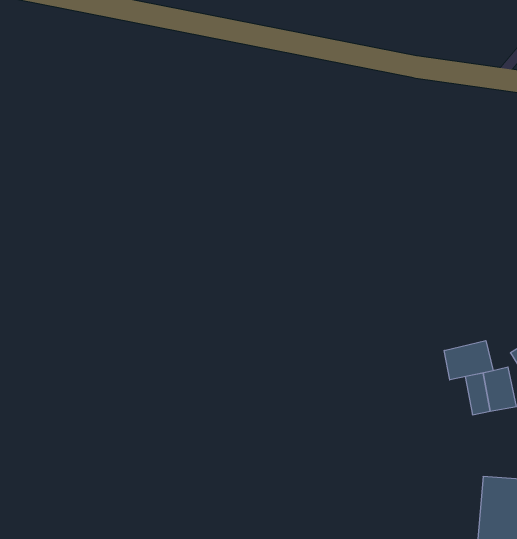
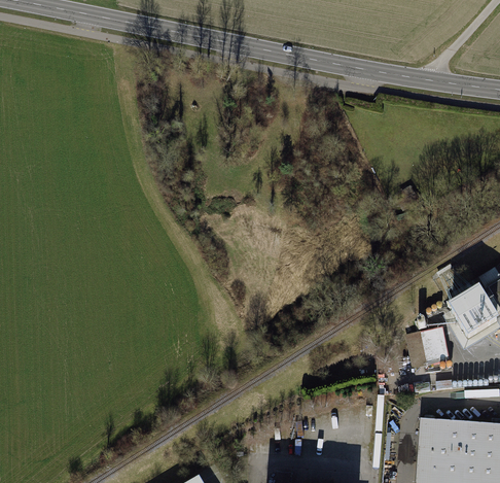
building: [444,341,493,380] -> none

